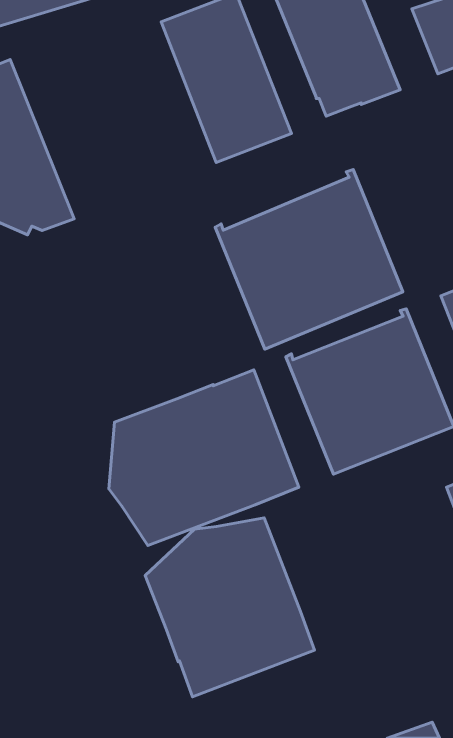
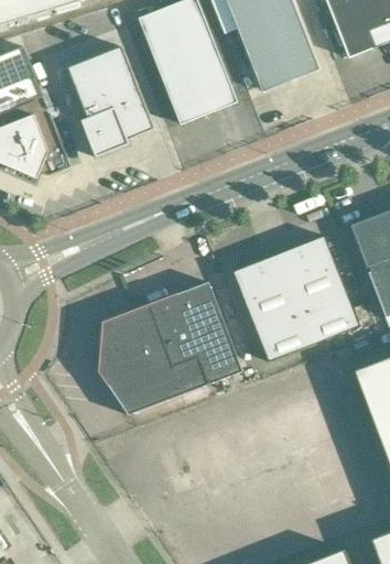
building: none -> [67,45,152,156]
building: [215,170,403,349] -> none
building: [145,518,314,697] -> none

